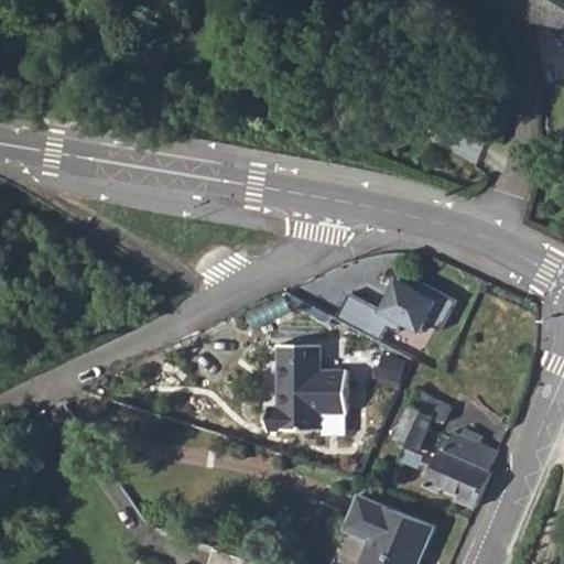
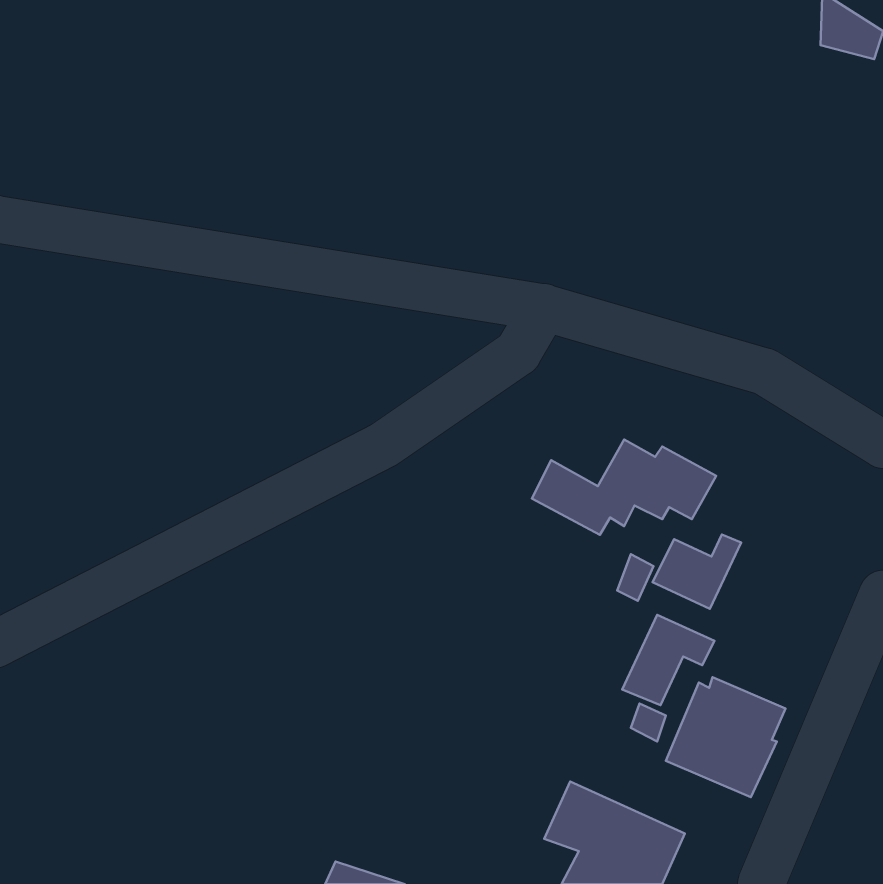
building: none -> [653,534,741,609]
building: [265,343,346,429] -> none

